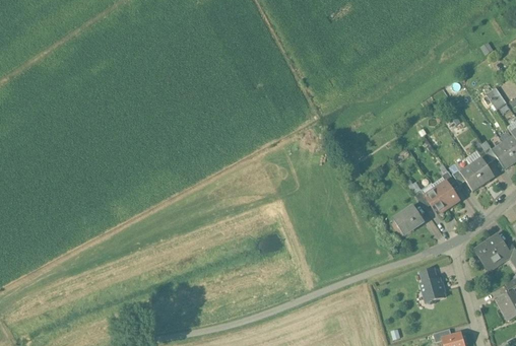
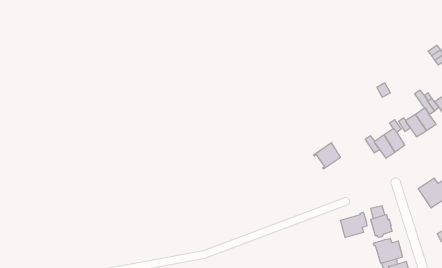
building: [393,205,424,234] -> [314,143,341,169]
building: none -> [340,212,367,238]
building: none -> [373,238,403,263]

